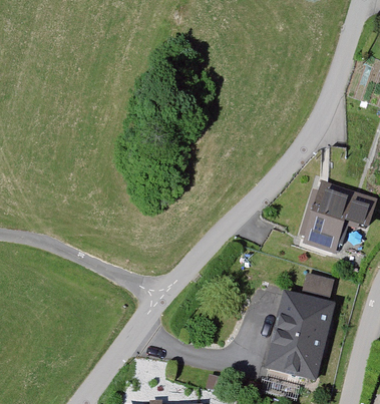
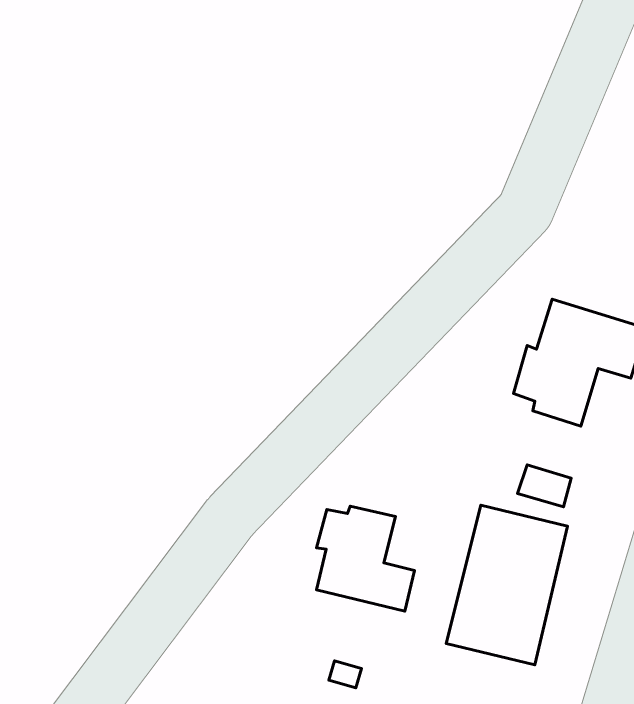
building: none -> [316,506,414,611]

